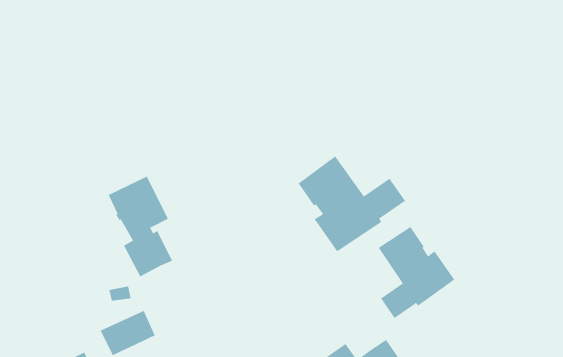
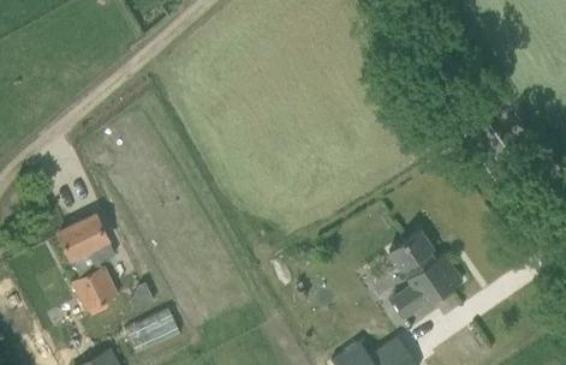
building: [298,155,406,252] -> none
building: [108,176,173,277] -> [56,215,118,311]

